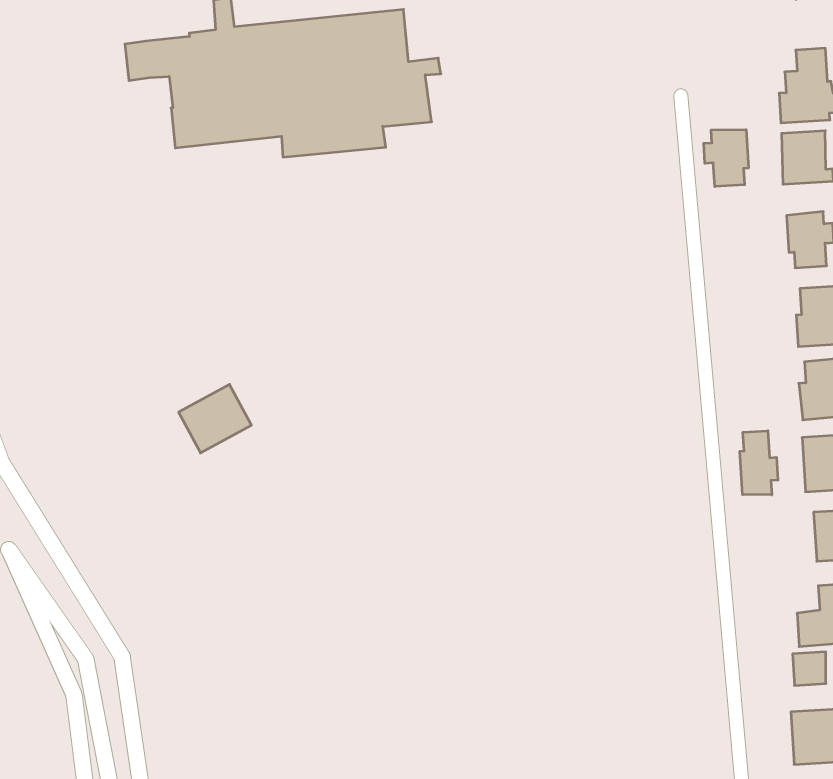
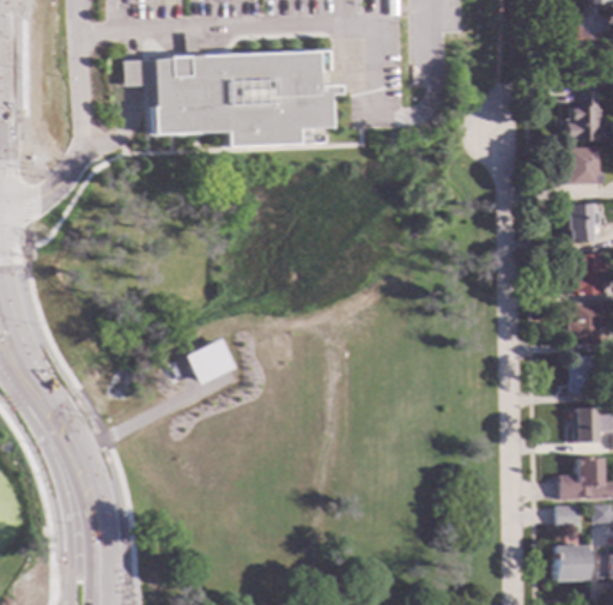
building: [704,130,748,187] -> none
building: [179,384,251,453] -> [188,338,237,383]
building: [740,431,778,495] -> none

